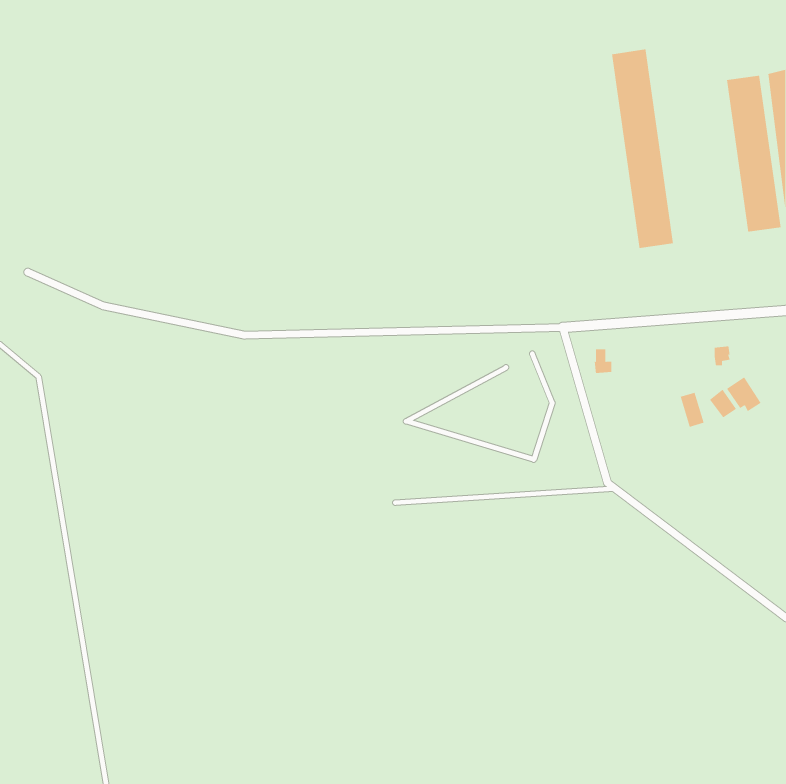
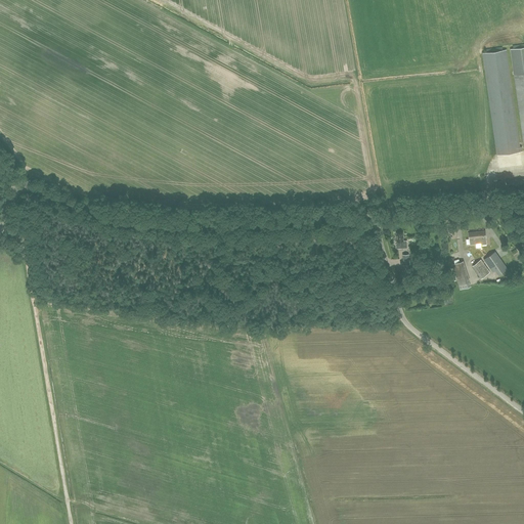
building: [612,49,674,249] -> none

